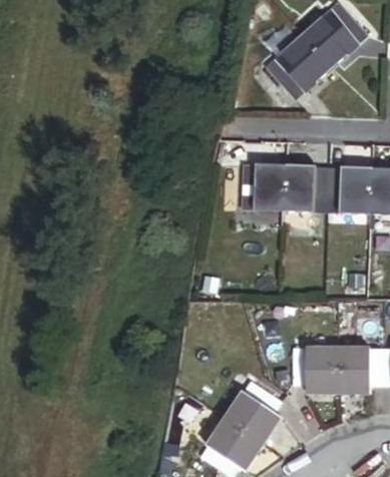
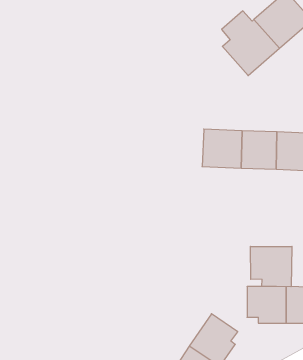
building: none -> [250,246,292,287]

